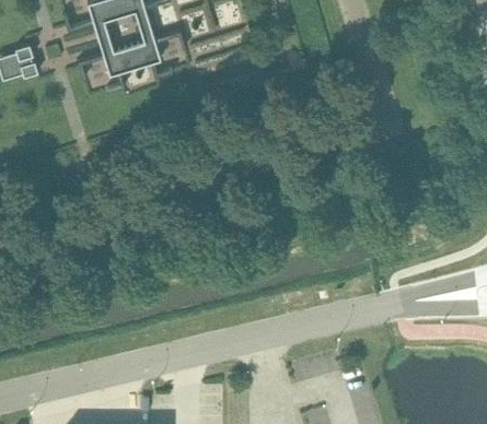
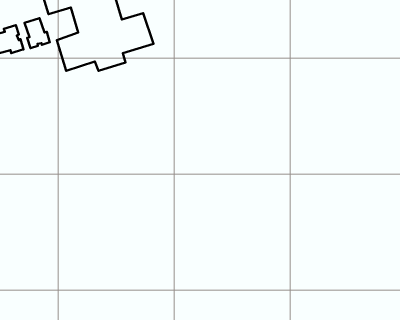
building: none -> [24,18,50,48]

